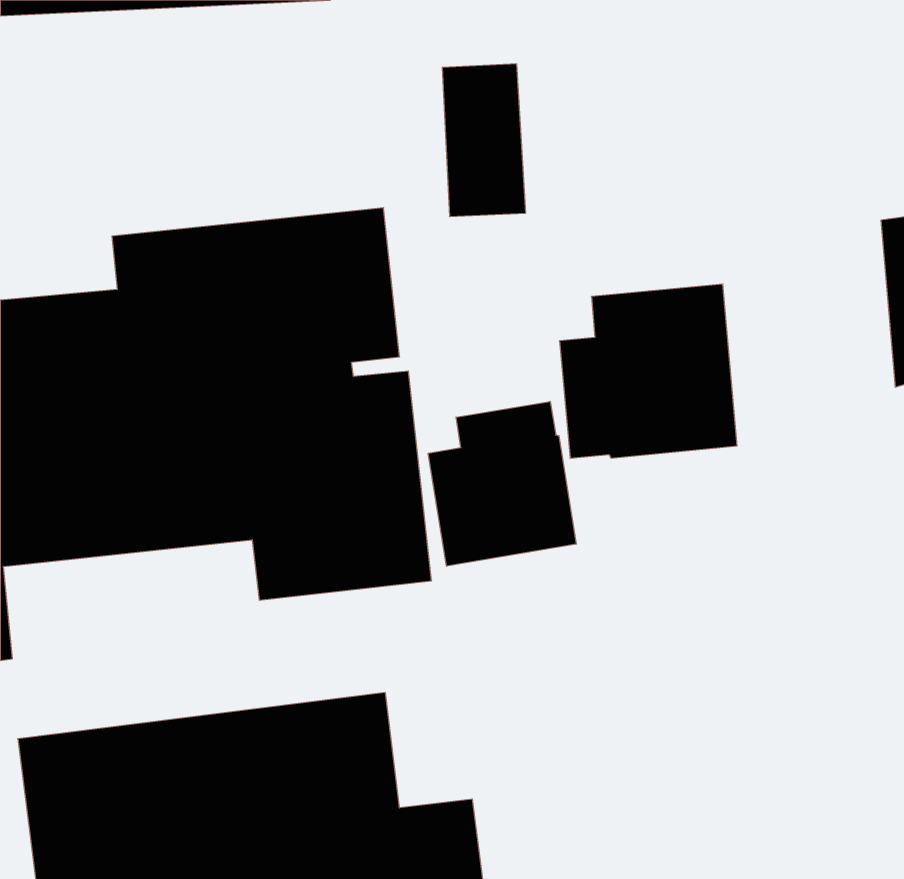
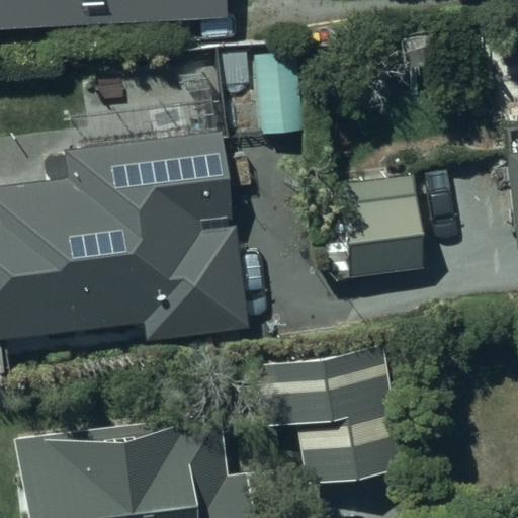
building: [428,401,576,566] -> none
building: none -> [257,341,420,483]

